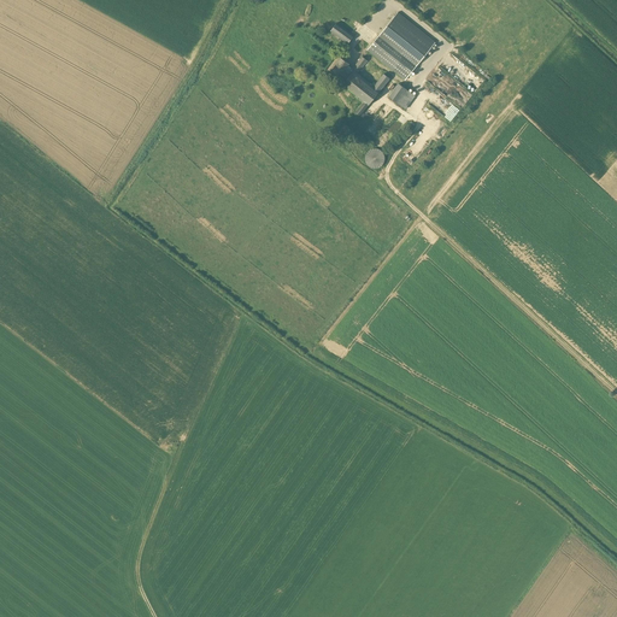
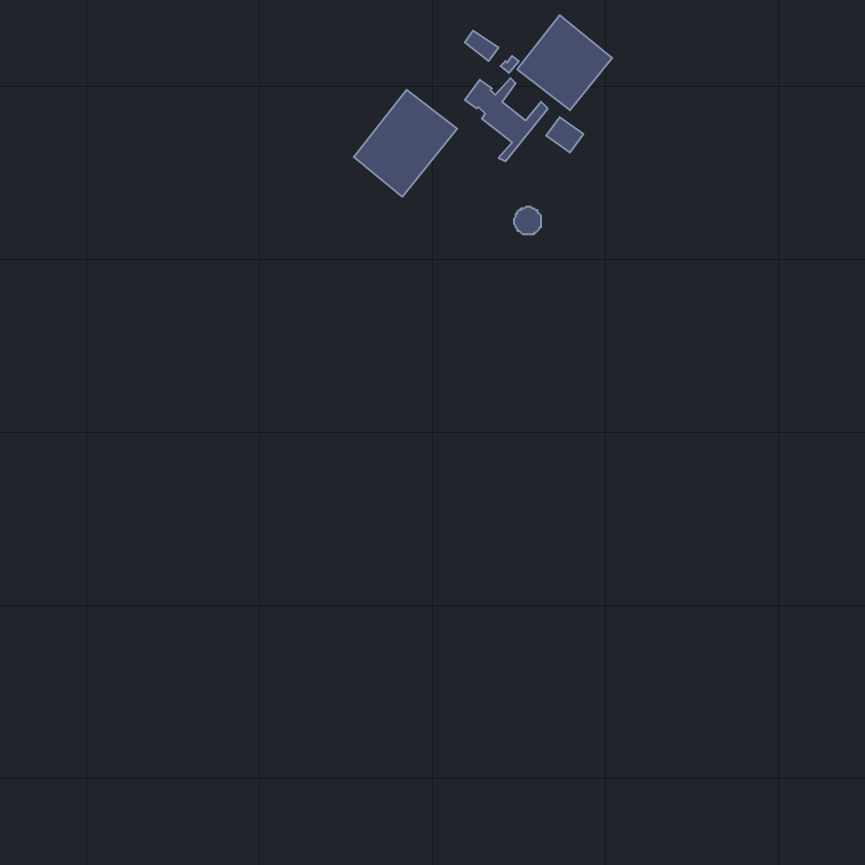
building: none -> [354,90,457,197]

